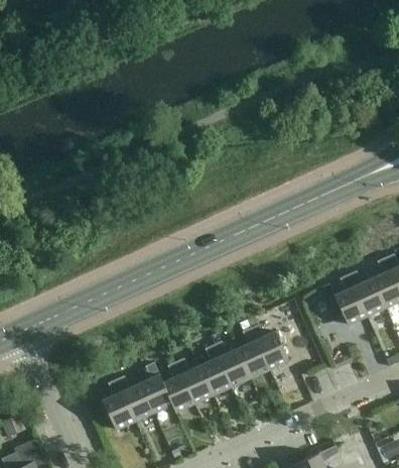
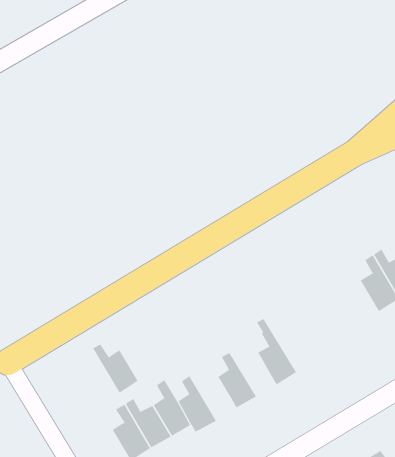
building: [247,315,289,369] -> none
building: [214,341,251,386] -> none
building: [176,358,214,403] -> [92,344,139,394]

